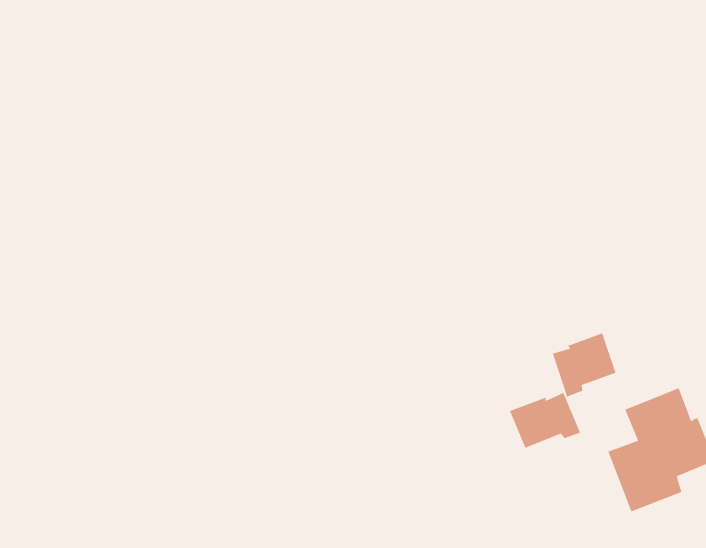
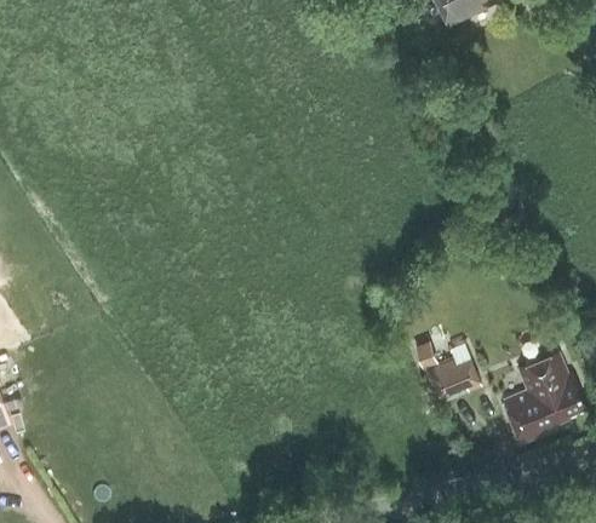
building: [552,332,616,397] -> none

